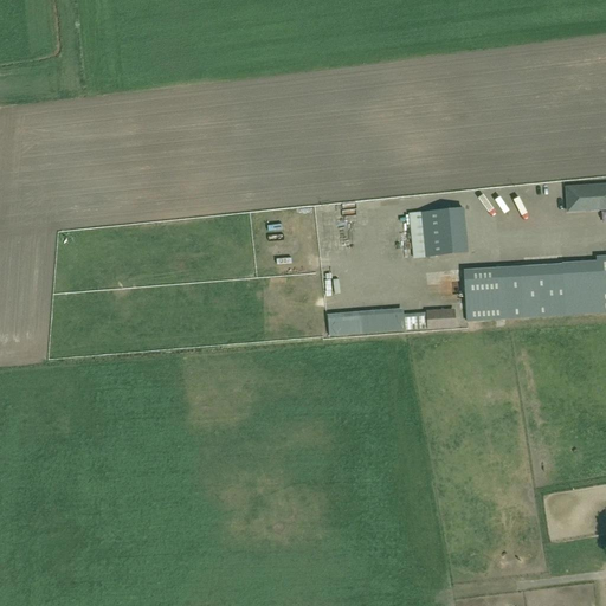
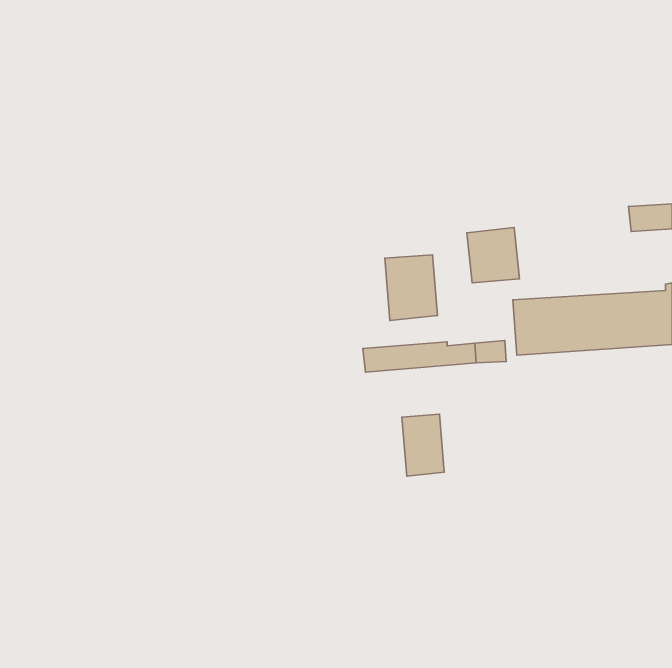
building: none -> [385,255,437,320]
building: none -> [402,414,444,476]

